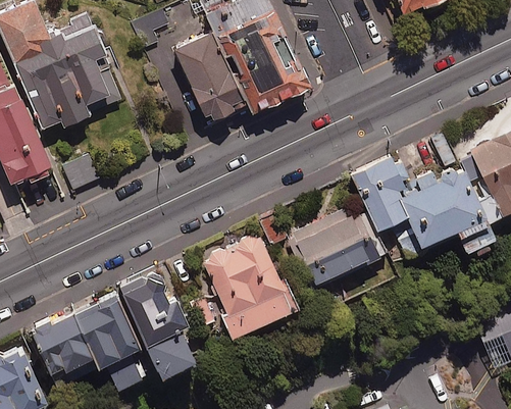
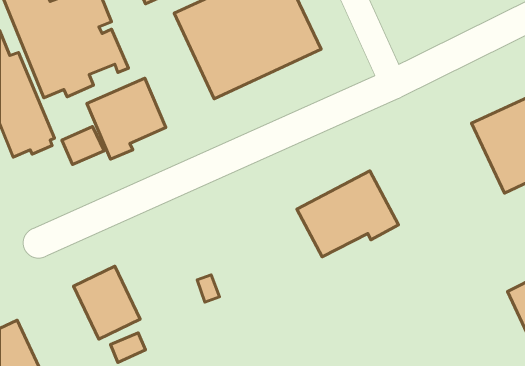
building: none -> [87,78,166,159]
building: [350,157,492,261] -> none
building: [202,236,293,337] -> none
building: [118,272,191,374] -> none
building: [31,313,97,384] -> none

